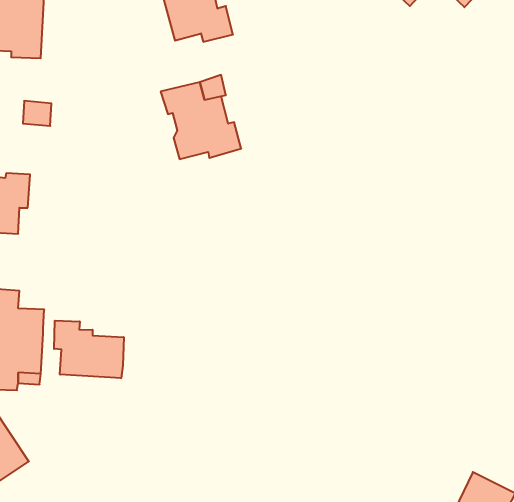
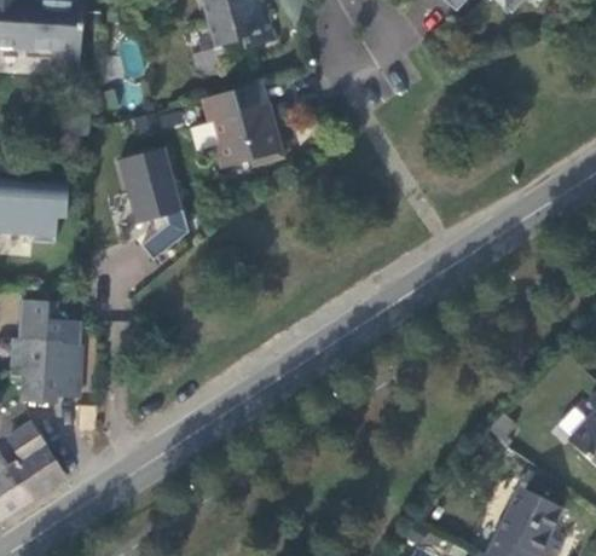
building: none -> [118,146,187,259]
building: [54,321,124,378] -> none

